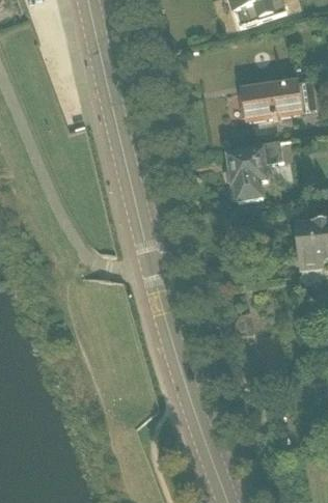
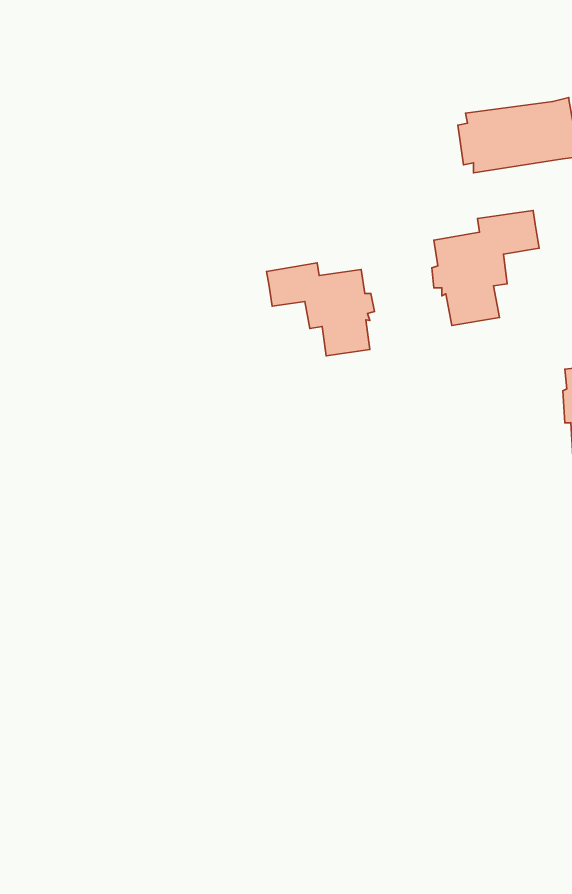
building: none -> [267,263,375,356]

